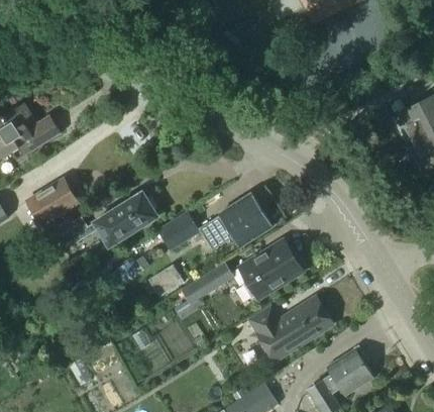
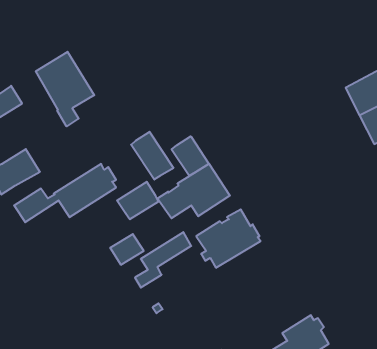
building: none -> [36,52,94,126]
building: none -> [131,132,173,180]
building: none -> [172,136,209,176]
building: [250,296,332,360] -> none

